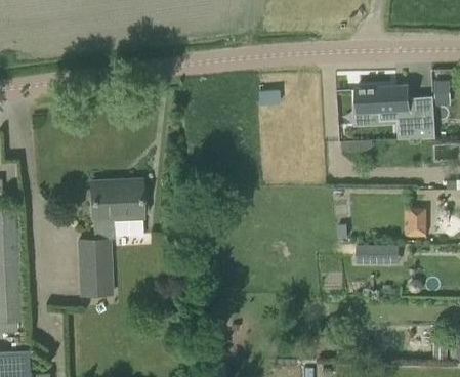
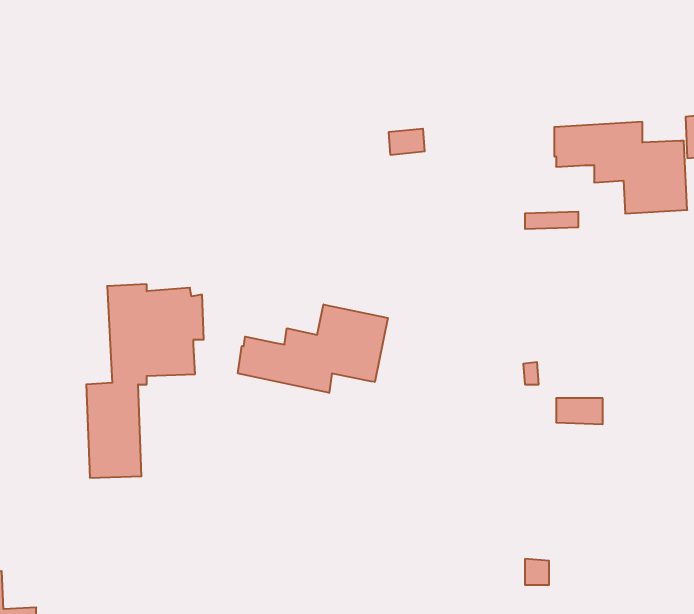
building: none -> [238,304,388,393]
building: [404,207,424,236] -> none

